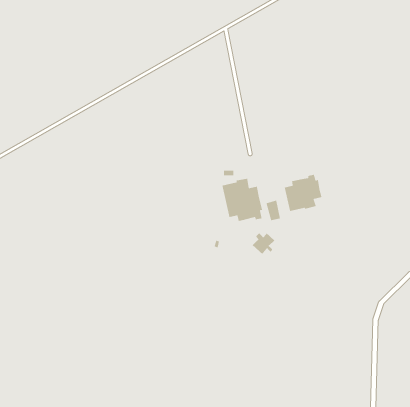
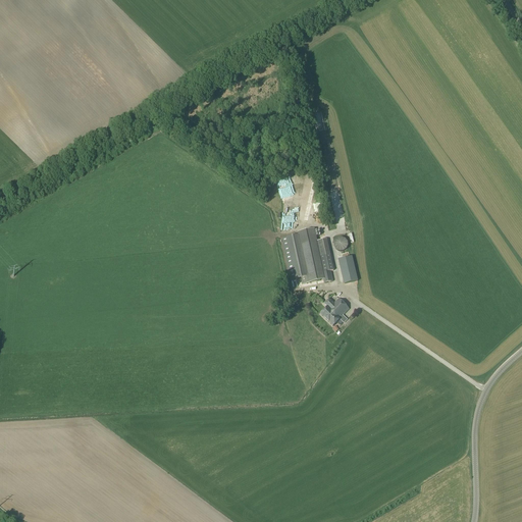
building: [284,174,323,212] -> none

